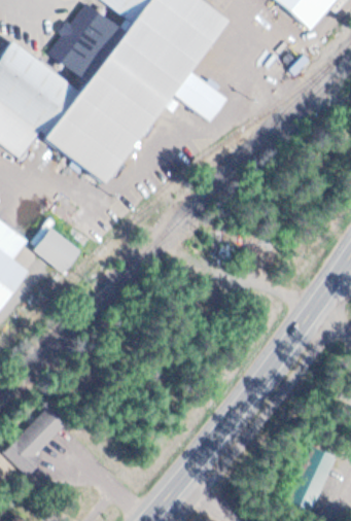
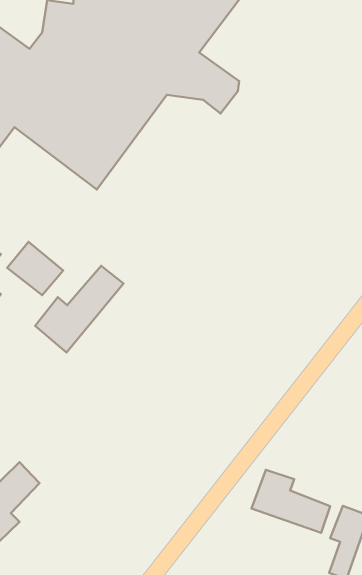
building: none -> [35,266,124,352]
building: none -> [252,470,330,533]

